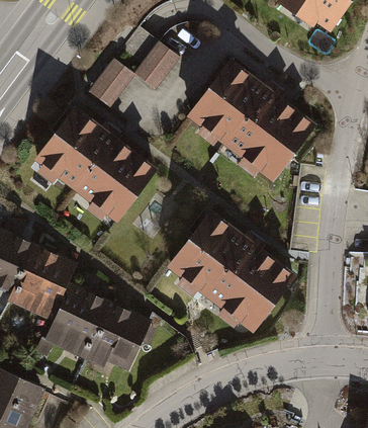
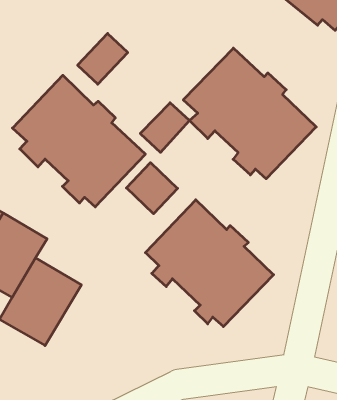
building: [132,42,178,91] -> [140,103,189,152]
building: none -> [126,163,178,214]
building: [84,302,154,380] -> none

